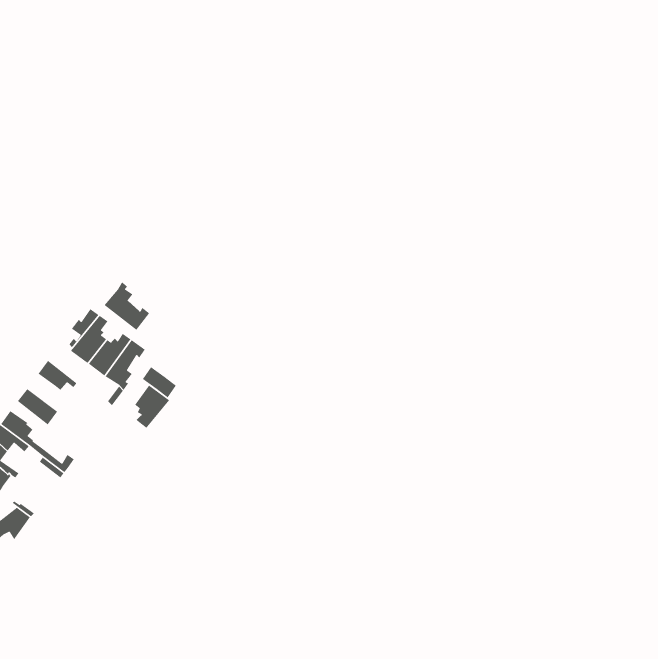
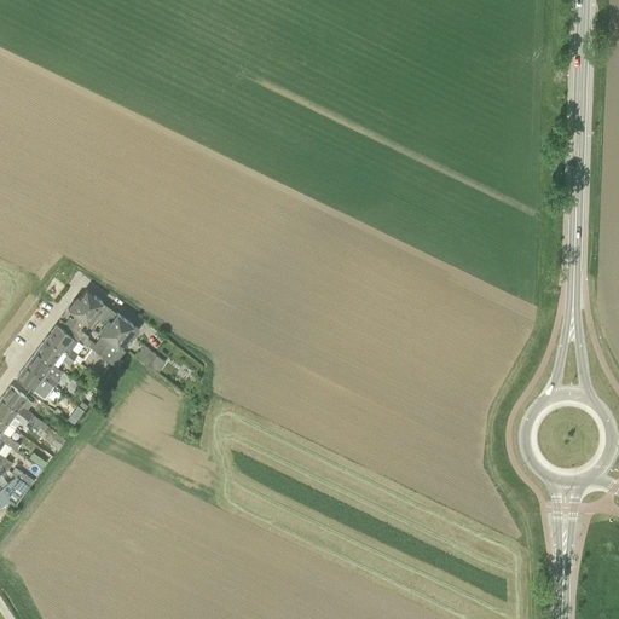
building: [103,281,150,331] -> none
building: none -> [45,324,79,359]
building: none -> [25,351,63,386]
building: [134,384,170,429] -> none

